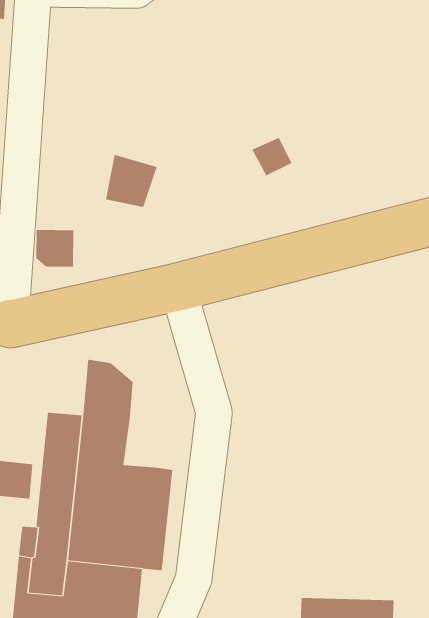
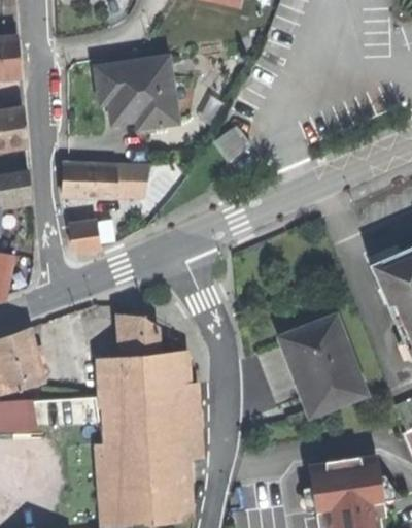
building: none -> [96,58,176,126]
building: none -> [62,164,116,197]
building: none -> [280,317,364,412]
building: none -> [160,352,185,387]

